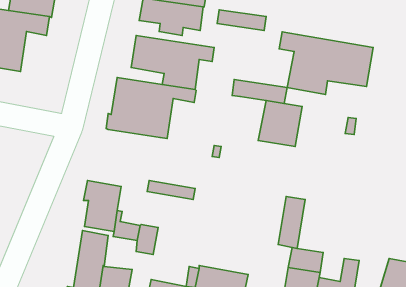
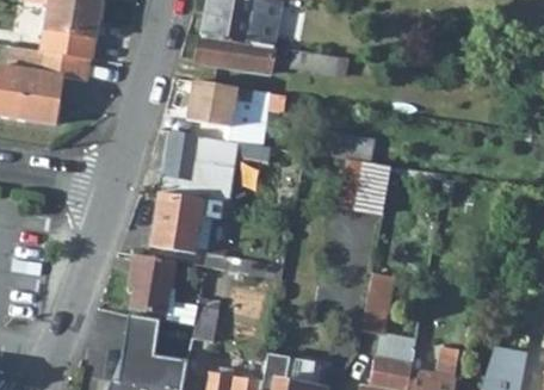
building: [279,32,373,94] -> none
building: none -> [152,193,222,253]

